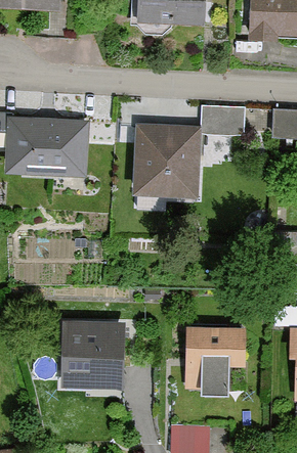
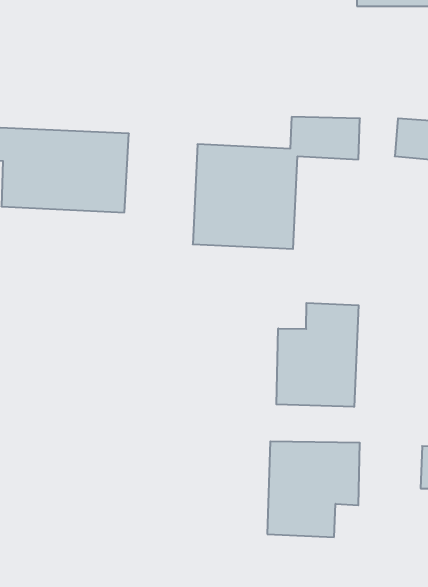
building: none -> [276,303,359,407]
building: [62,322,126,389] -> none

